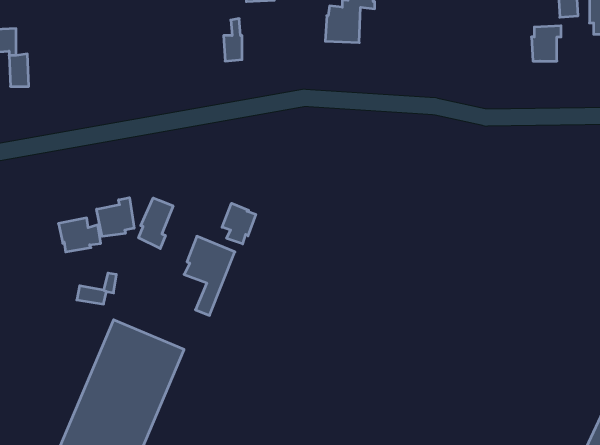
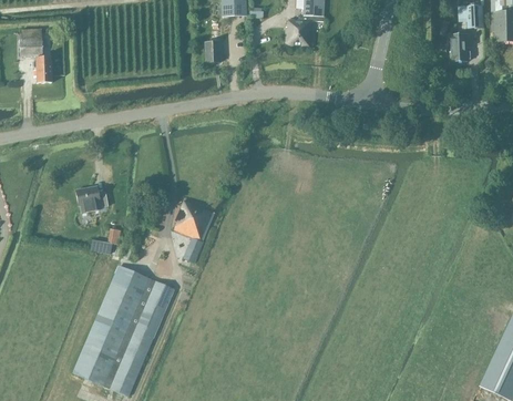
building: [97,198,134,236] -> none
building: [139,198,173,249] -> none
building: [222,203,256,244] -> none

